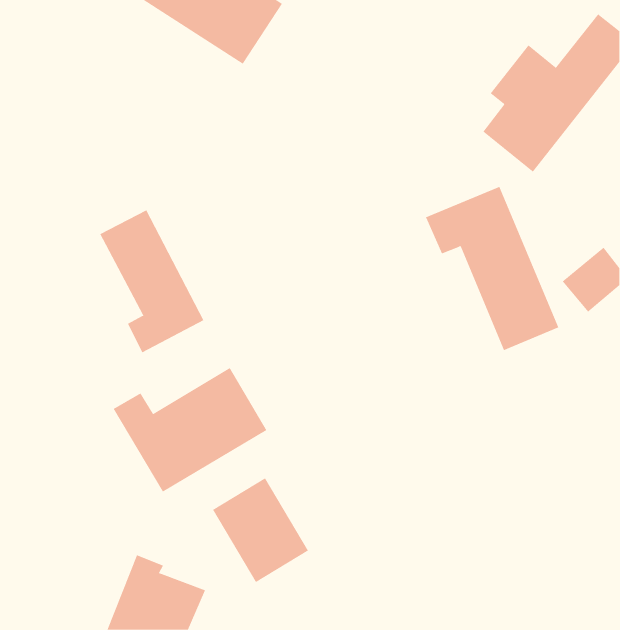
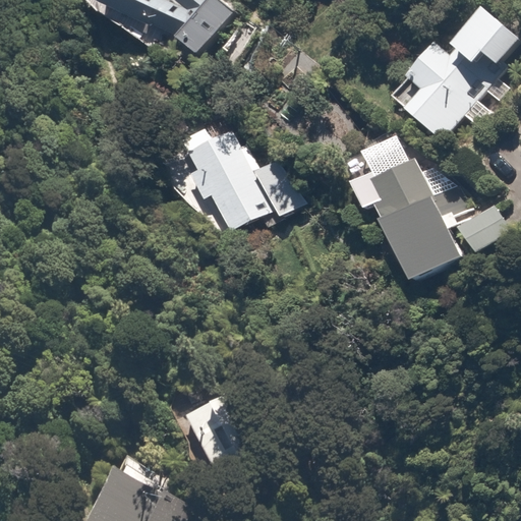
building: none -> [178,113,307,233]
building: [100,209,204,353] -> none
building: [113,367,267,493] -> none

